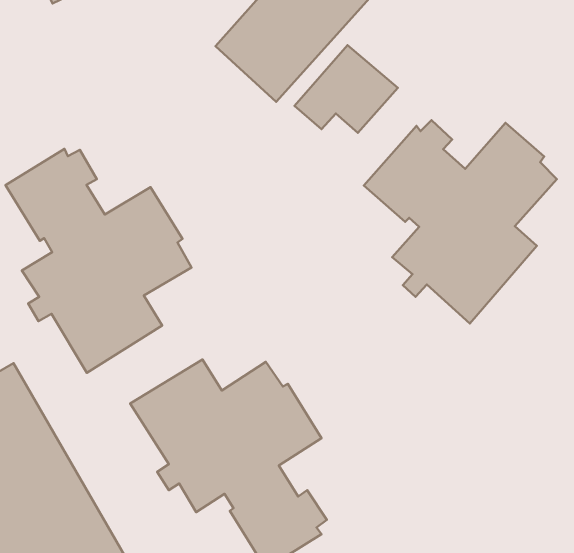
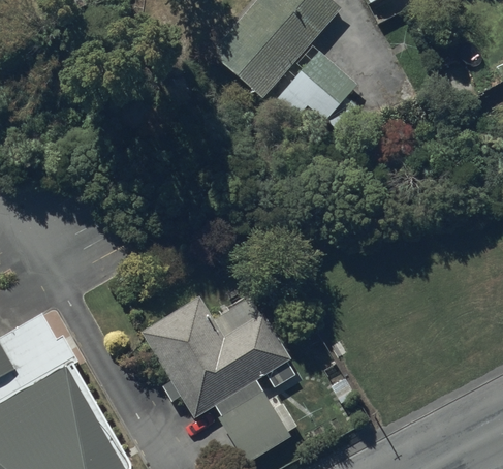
building: [364,120,557,323] -> none
building: [6,149,191,373] -> none

